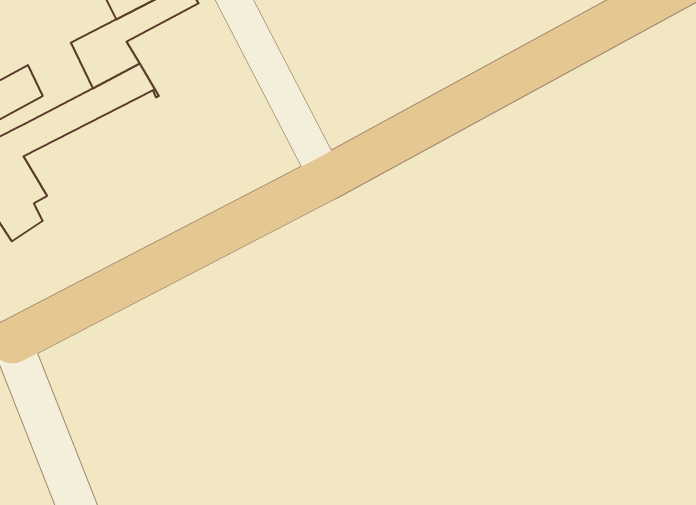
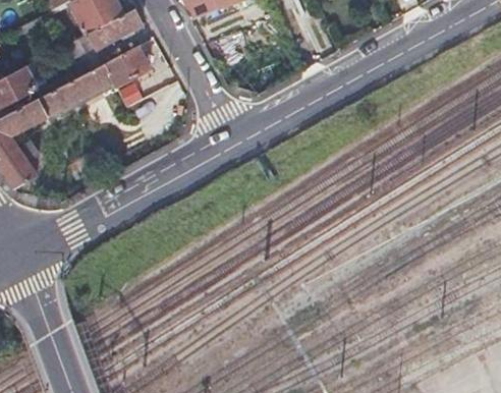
building: none -> [101,48,147,88]

